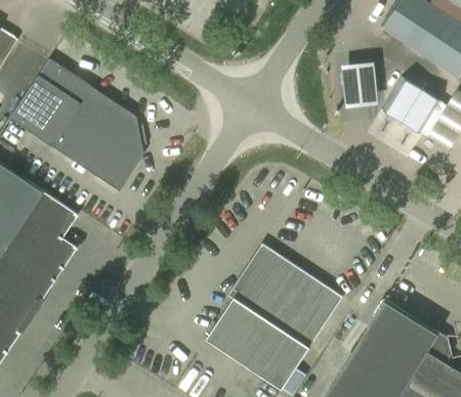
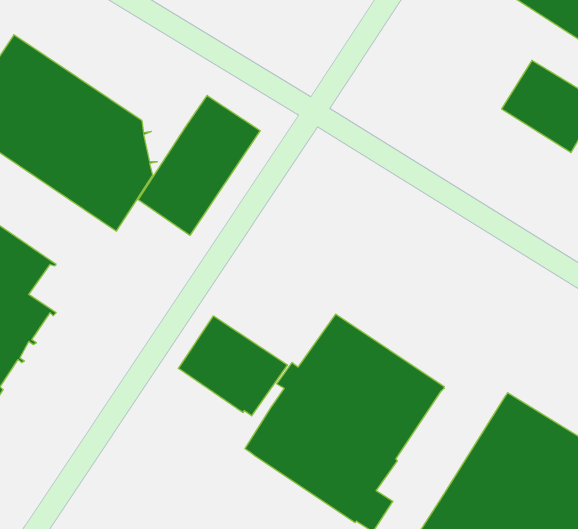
building: [341,53,377,99] -> none
building: none -> [138,95,260,235]
building: none -> [178,316,287,416]

